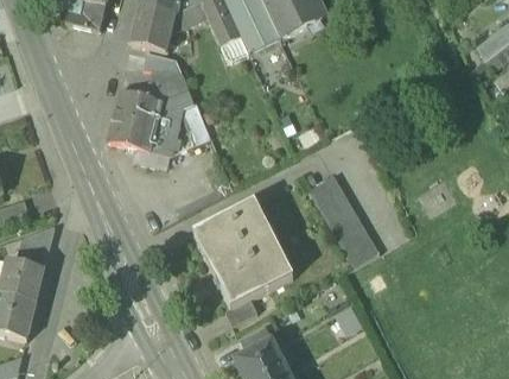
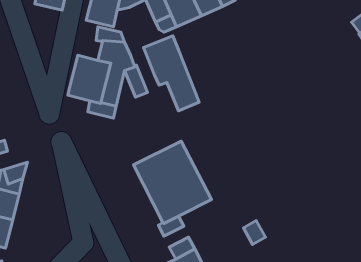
building: none -> [144,36,199,111]
building: [308,172,378,265] -> none

